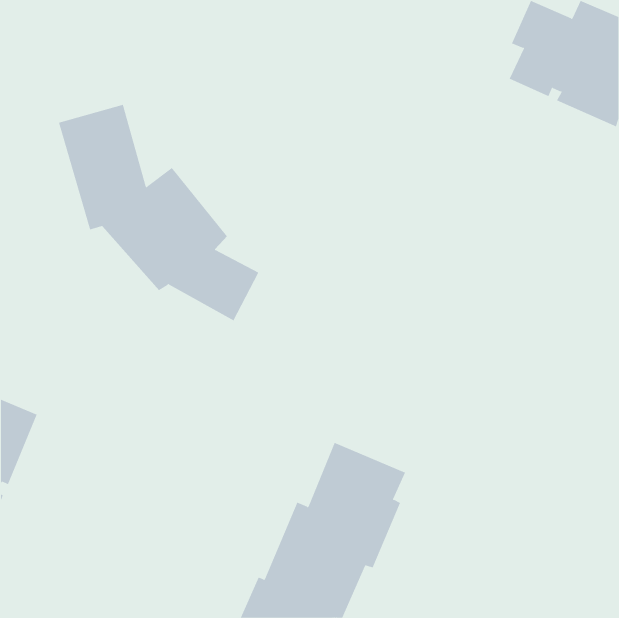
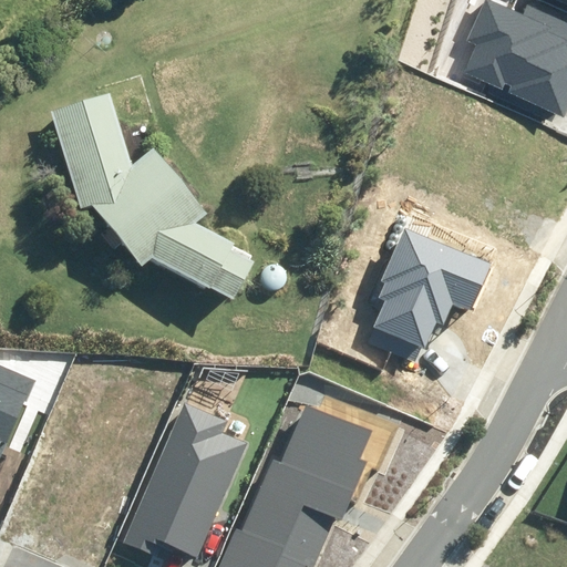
building: none -> [367,225,492,361]
building: none -> [124,401,246,558]

